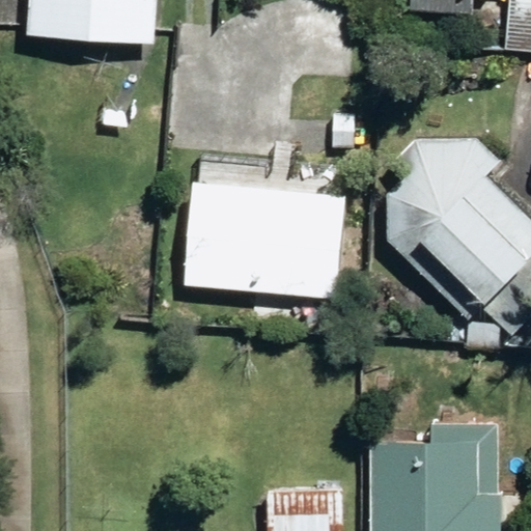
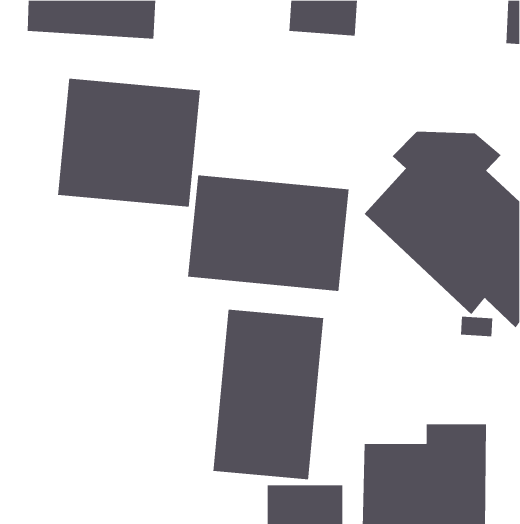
building: none -> [58,78,200,207]
building: none -> [213,309,324,480]

